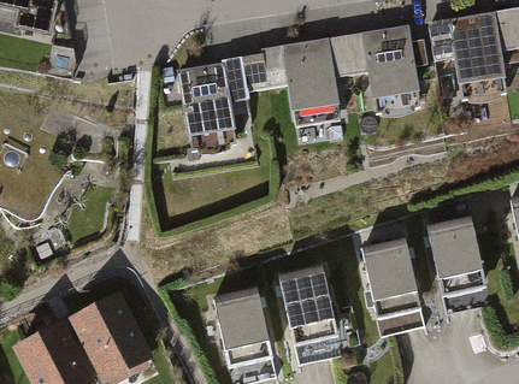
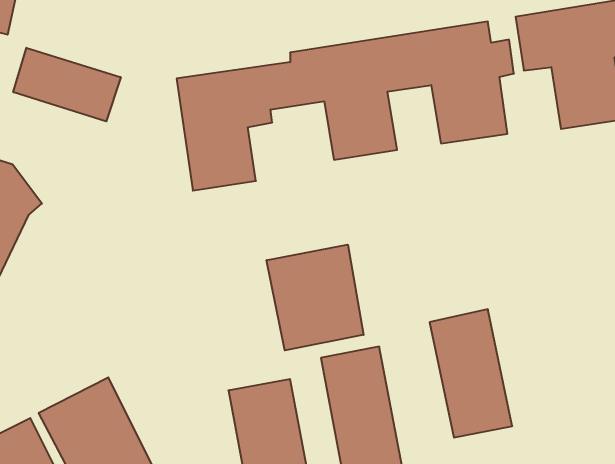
building: none -> [13,48,121,121]
building: none -> [267,245,364,350]
building: [432,215,491,312] -> none

